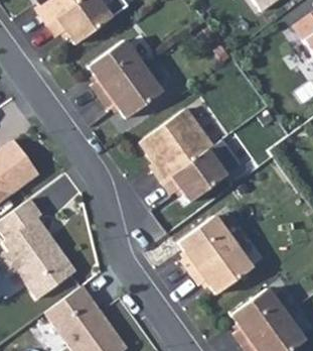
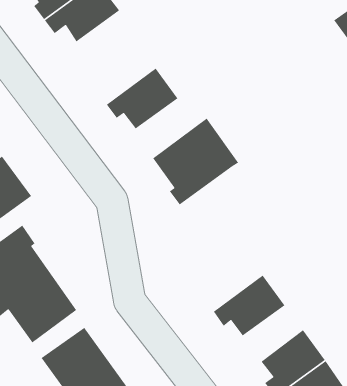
building: [89,39,143,97] -> none
building: [163,149,226,202] -> none
building: [178,215,233,272] -> none

